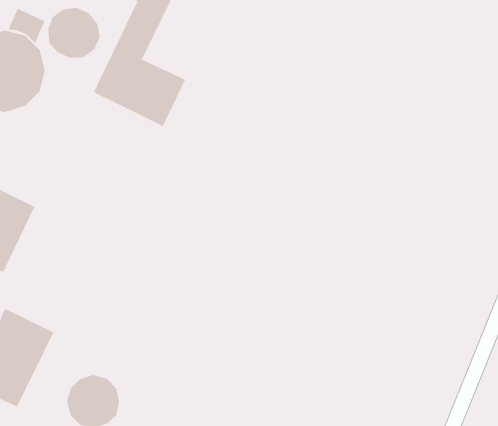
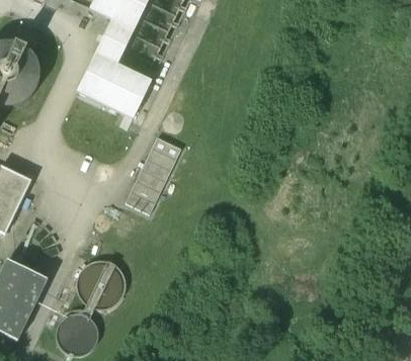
building: [48,7,101,58] -> none
building: none -> [125,137,180,213]
building: none -> [79,263,121,305]

